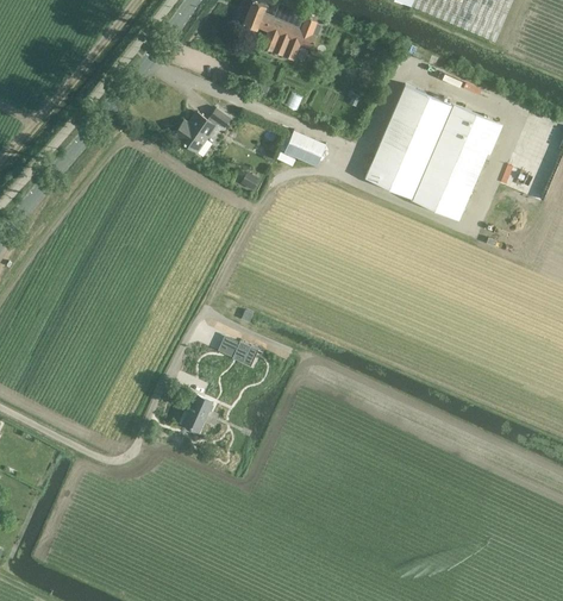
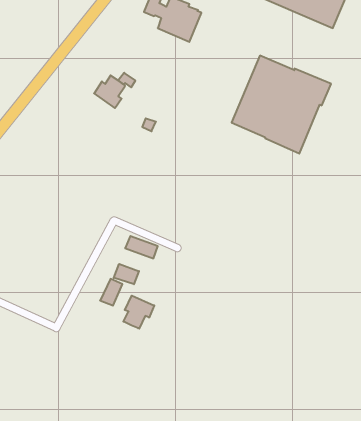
building: [283,130,325,167] -> none
building: none -> [114,264,139,284]
building: none -> [123,296,154,329]

